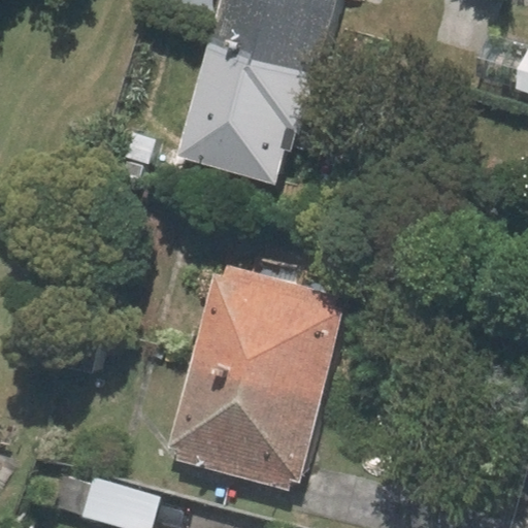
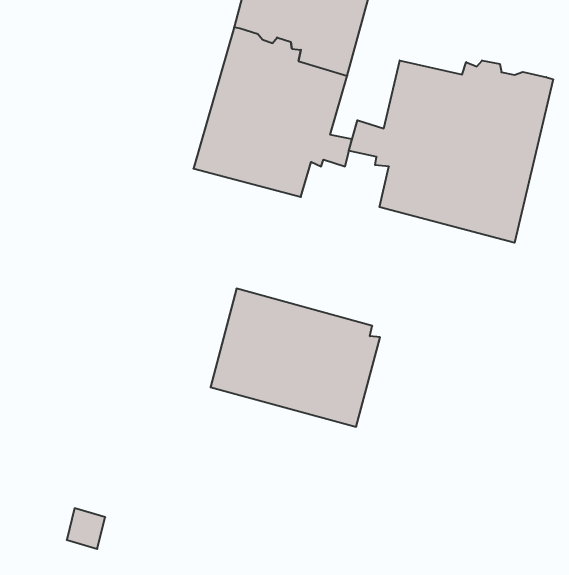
building: none -> [349,60,553,243]
building: [167,353,325,492] -> none

